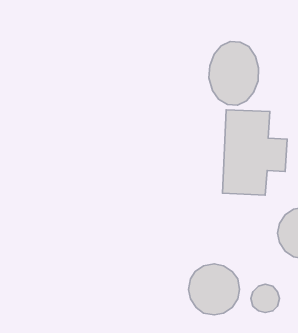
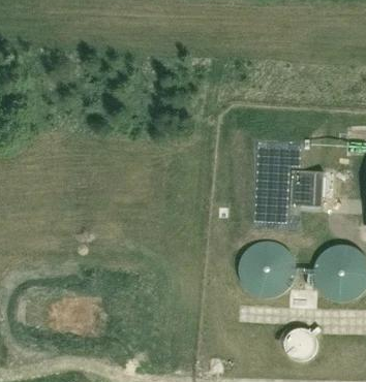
building: [209,42,259,105] -> none
building: [188,264,240,315] -> [239,241,295,296]

